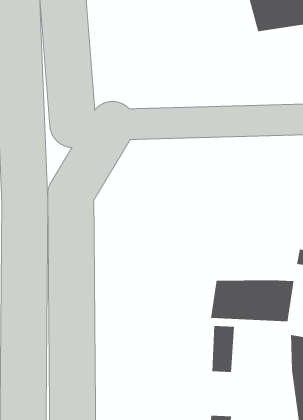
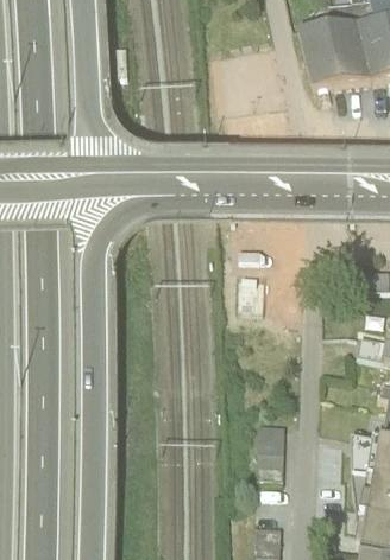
building: [210,280,294,322] -> none

